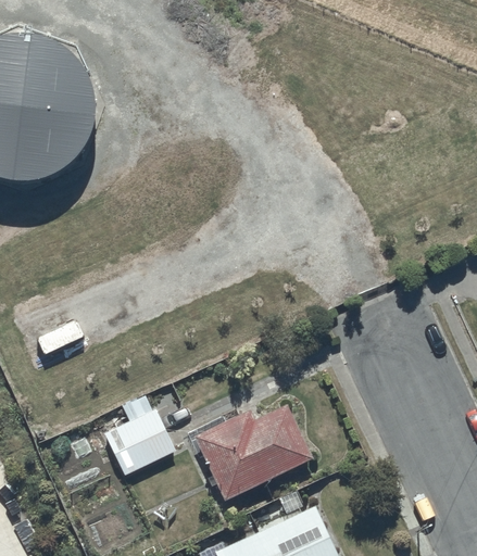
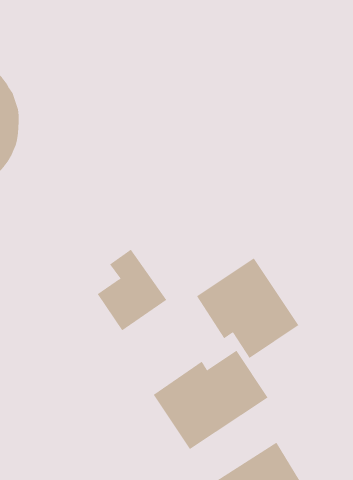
building: none -> [196,257,299,359]
building: [103,391,176,476] -> [97,249,167,331]

